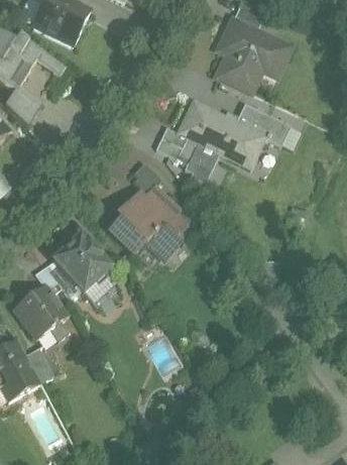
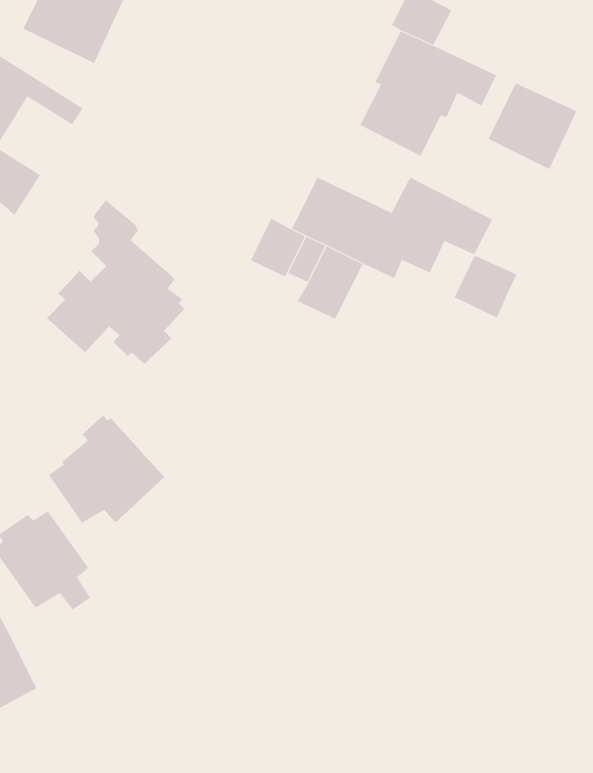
building: none -> [488,83,577,170]
building: none -> [454,255,517,319]
building: [109,166,185,256] -> [46,199,185,364]
building: [26,348,54,382] -> none

